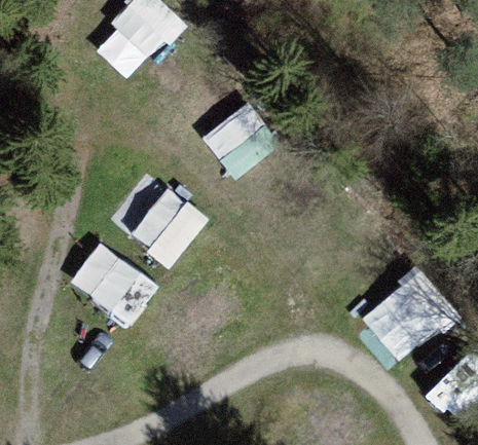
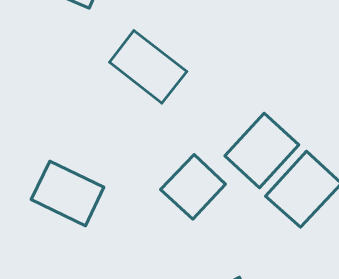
building: [131,191,213,272] -> [160,154,226,219]
building: none -> [225,113,299,188]

